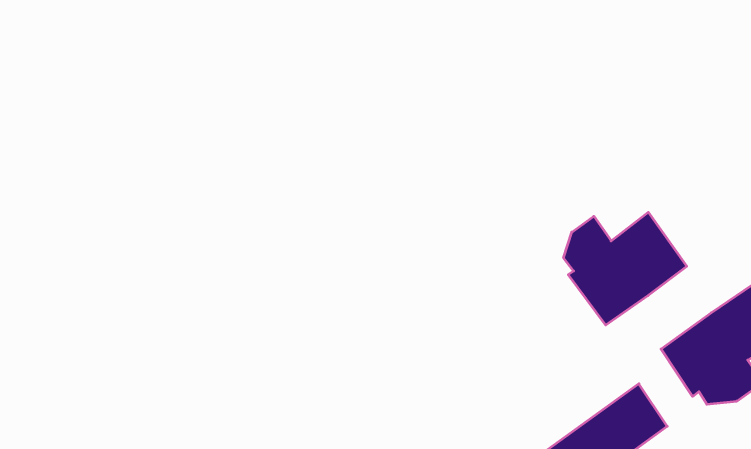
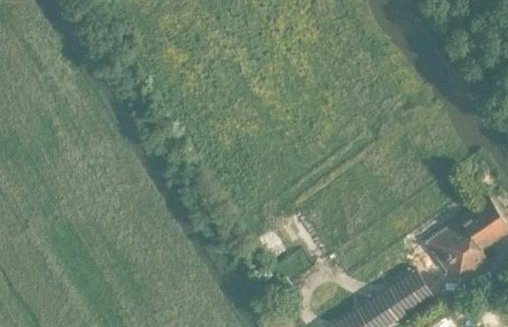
building: [564,212,687,325] -> none

